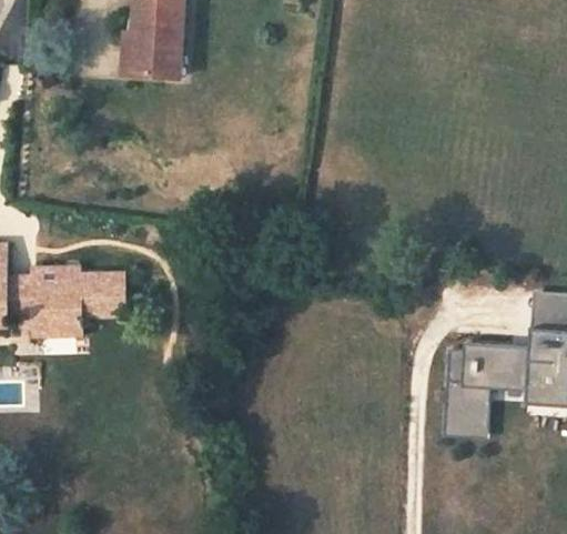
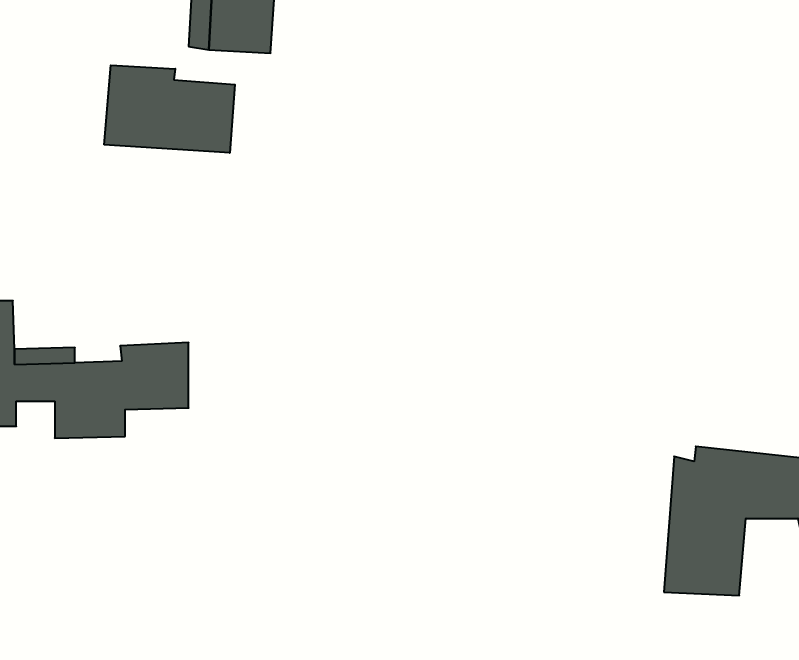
building: none -> [104,65,235,153]

